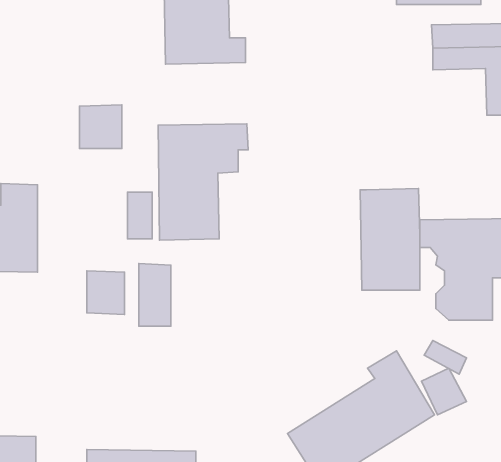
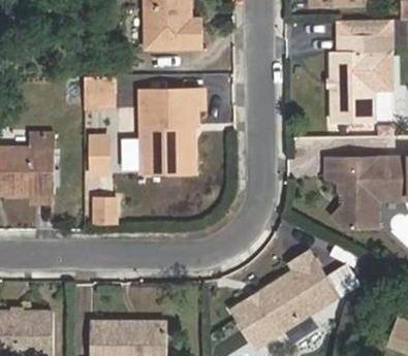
building: [360,188,420,290] -> [331,51,373,123]
building: [139,264,171,326] -> [85,132,107,176]

